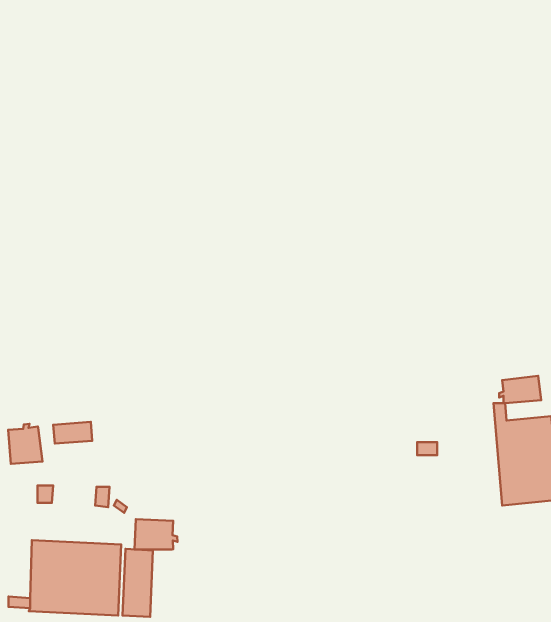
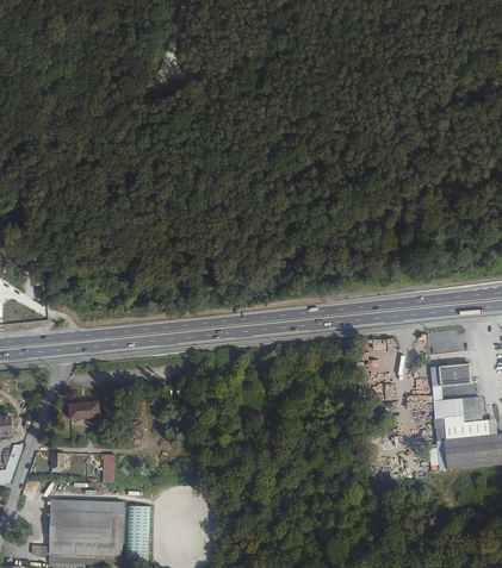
building: [8,424,42,464] -> none
building: [134,519,177,549] -> none

